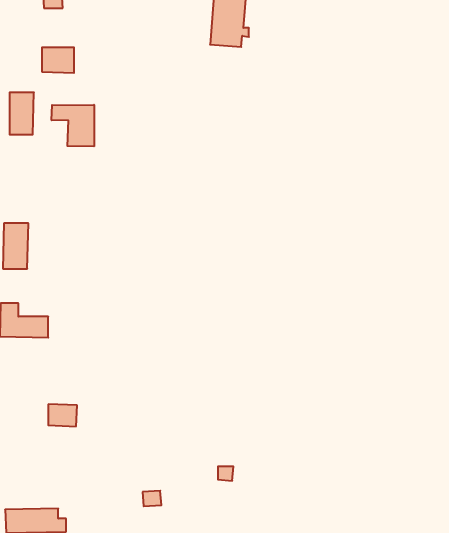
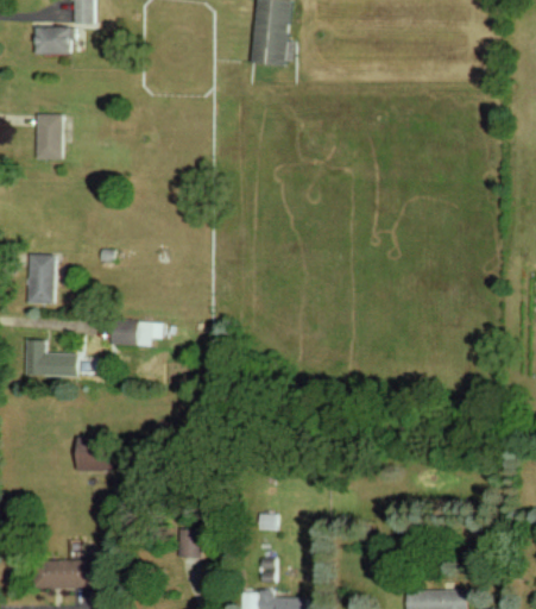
building: [42,47,74,73] -> [34,27,69,55]
building: [52,105,94,146] -> none
building: none -> [111,321,163,346]

